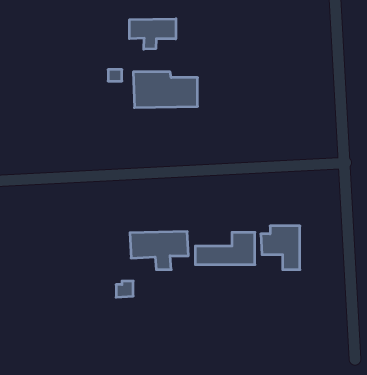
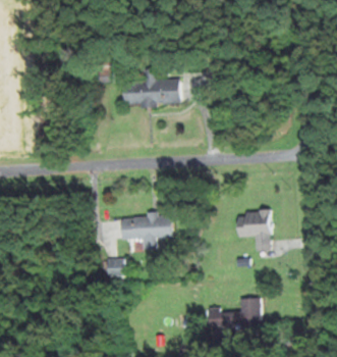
building: [129,19,176,49] -> none
building: [195,232,255,265] -> [208,299,261,327]

